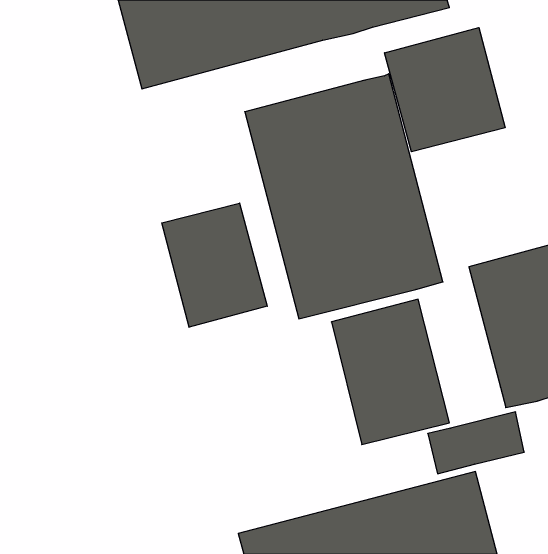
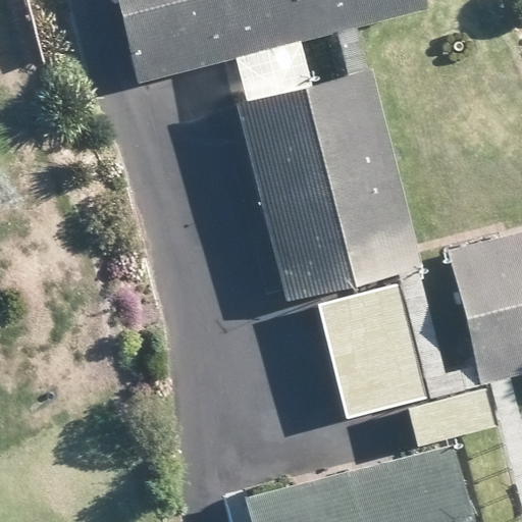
building: [385,28,505,152] -> none
building: [162,203,267,327] -> none

